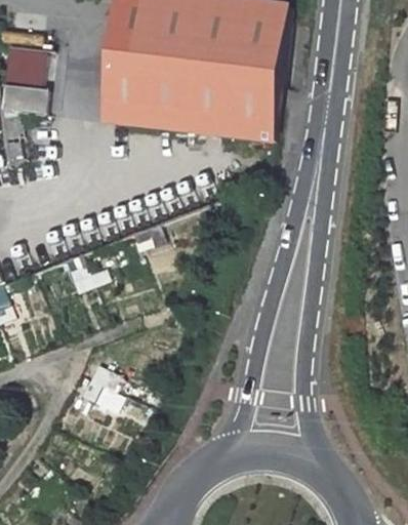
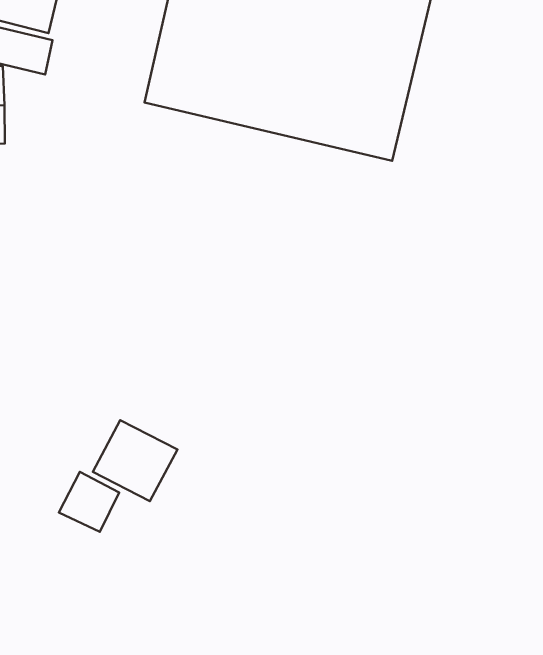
building: none -> [93,420,177,501]

